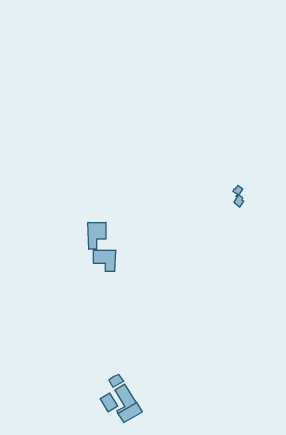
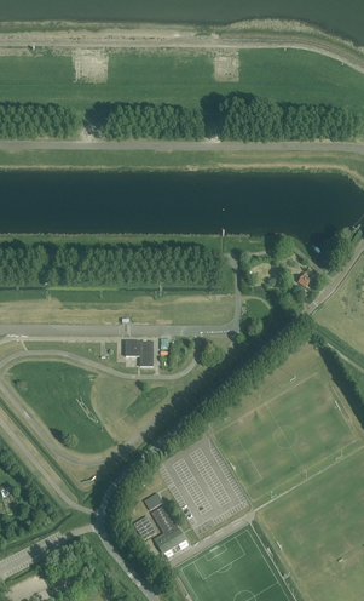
building: [88,222,106,249] -> none

